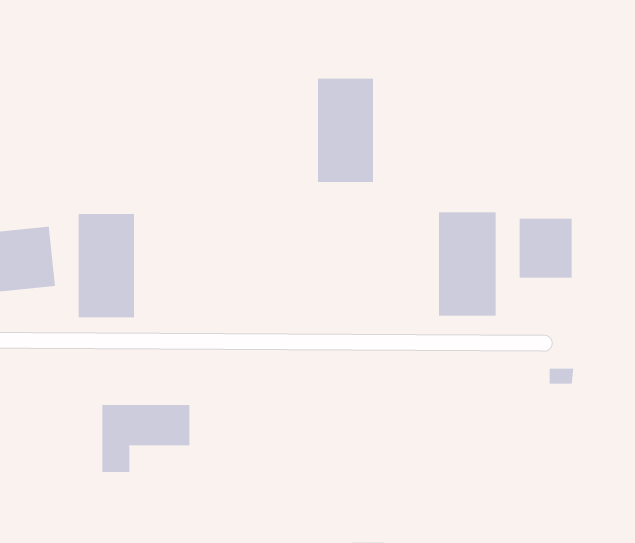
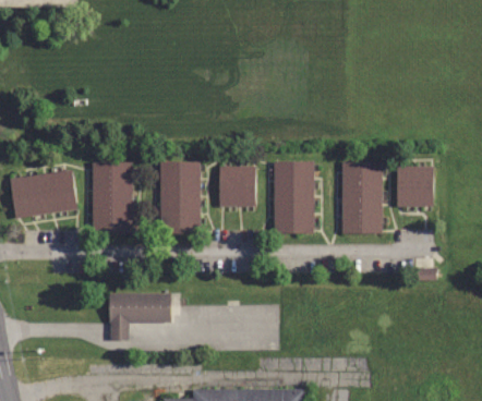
building: [317,78,374,183] -> [274,161,313,233]
building: none -> [159,161,200,233]
building: none -> [219,166,255,206]

